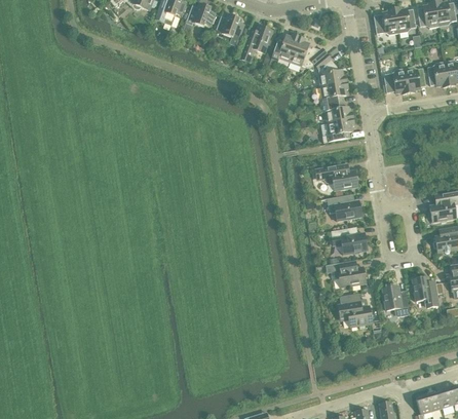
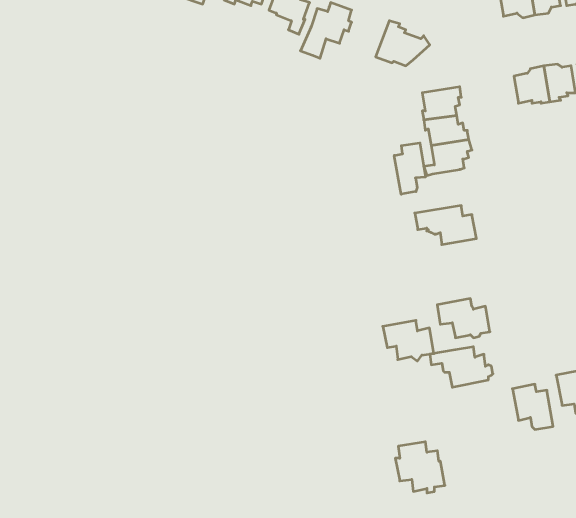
building: [270,34,298,62] -> none
building: [314,53,346,86] -> none
building: none -> [394,143,425,194]
building: [327,194,361,222] -> [383,320,434,361]
building: [338,293,372,328] -> [395,442,445,493]

